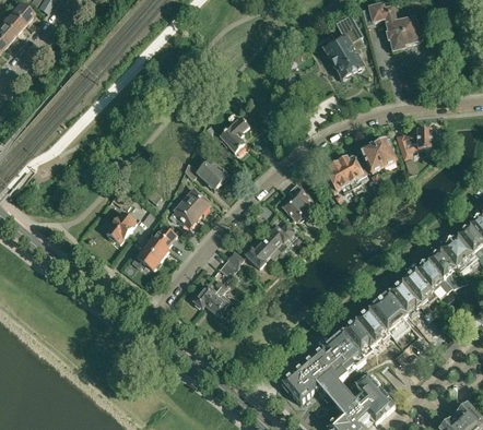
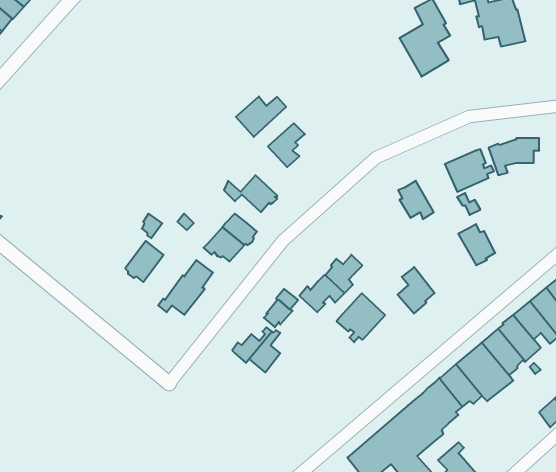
building: none -> [236,96,286,137]
building: [338,154,367,187] -> [458,224,495,265]
building: [283,182,313,219] -> [398,267,435,314]
building: none -> [337,293,385,342]

